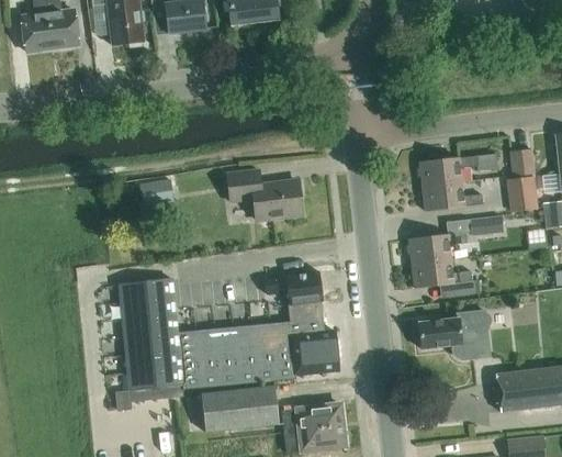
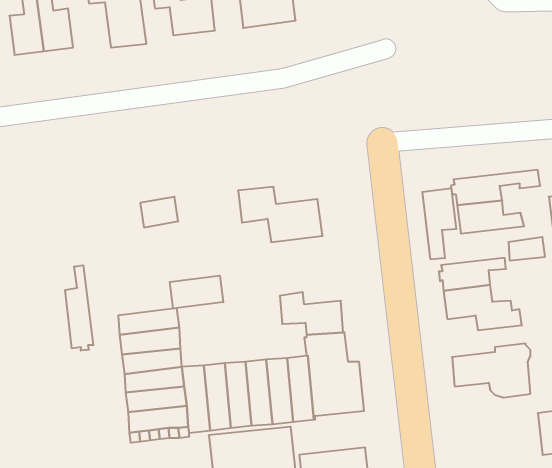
building: none -> [423,188,456,259]
building: none -> [65,265,93,351]
building: none -> [170,276,223,309]

